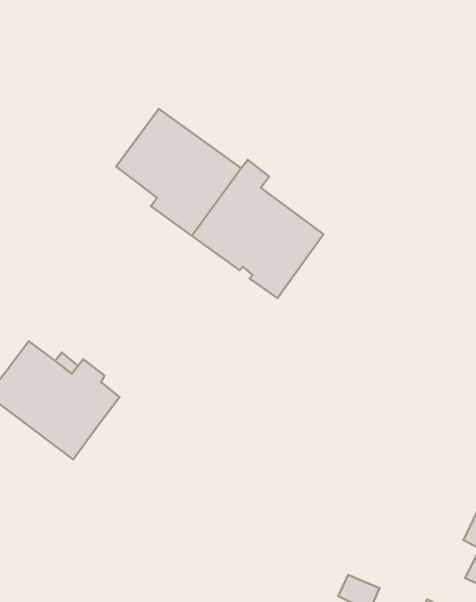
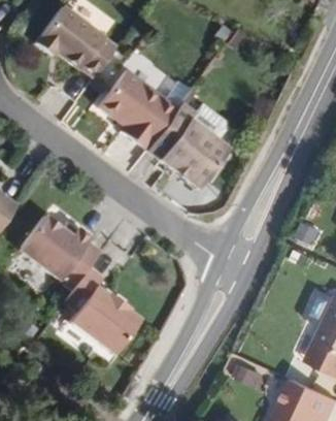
building: none -> [34,5,114,76]
building: none -> [62,266,139,353]

